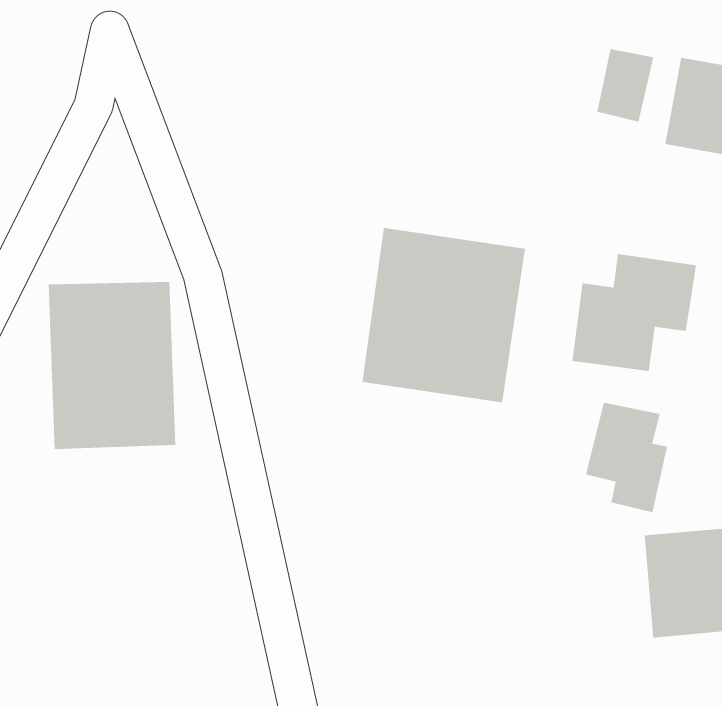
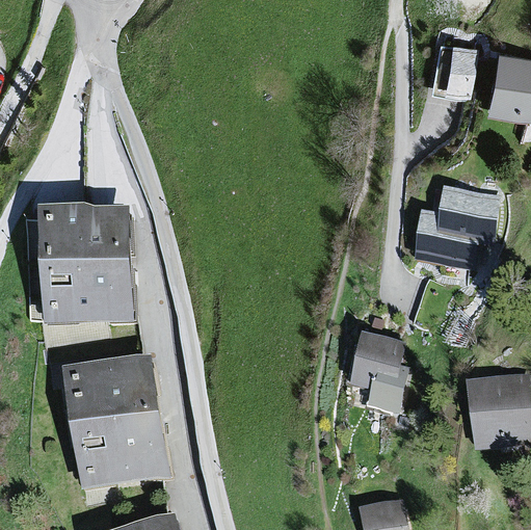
building: [362,227,525,403] -> none
building: [585,402,668,513] -> [347,336,405,414]
building: none -> [68,356,170,488]

